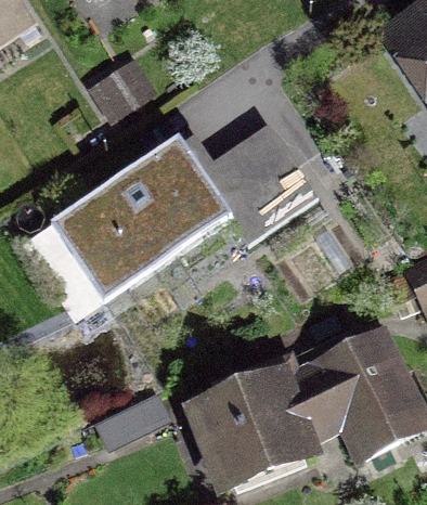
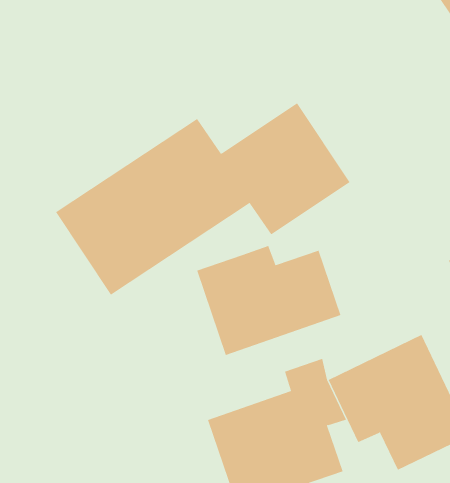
building: none -> [197,245,341,356]

